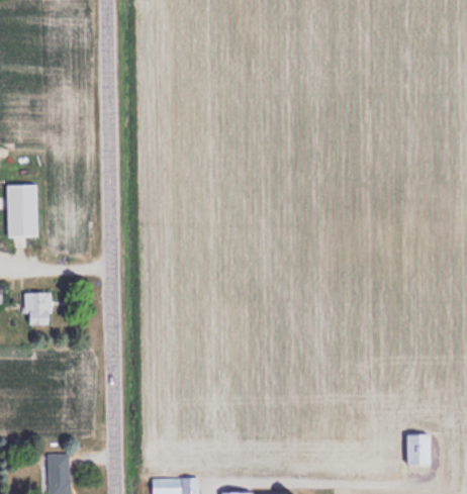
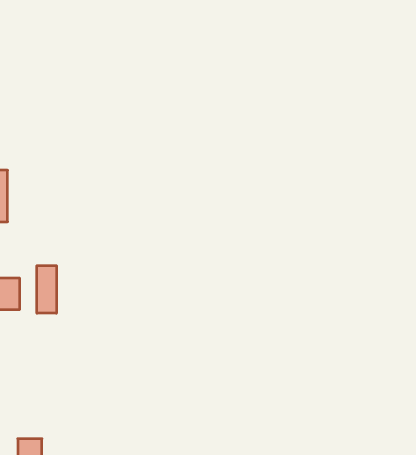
building: none -> [37,266,56,313]
building: [406,434,430,466] -> none

